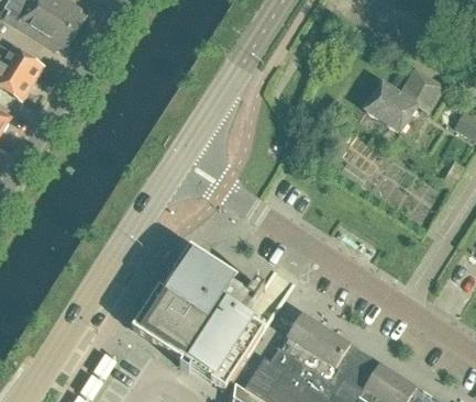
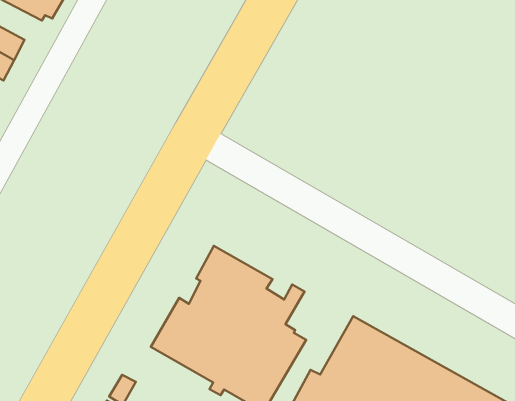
building: [363,68,443,133] -> none

